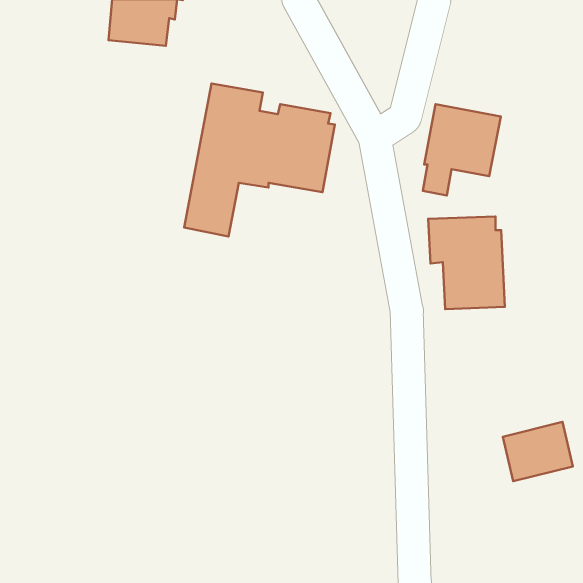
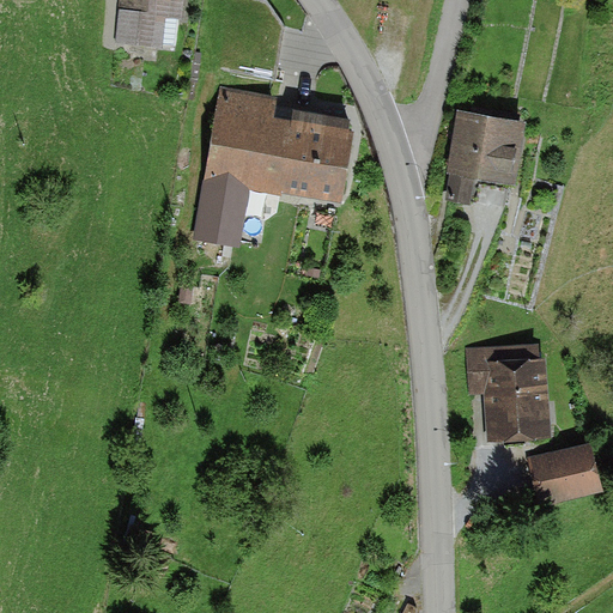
building: [428,217,505,309] -> [468,344,548,441]

